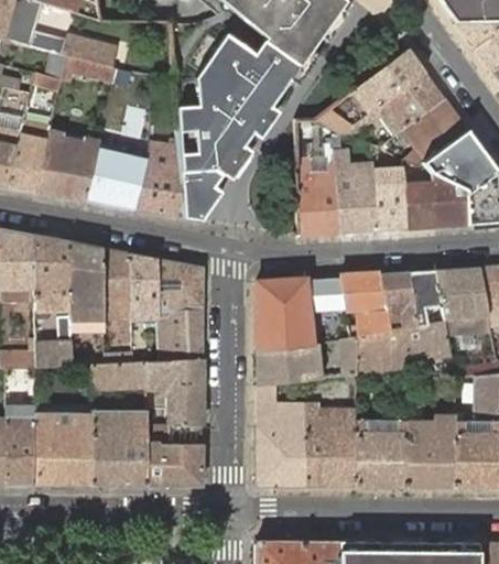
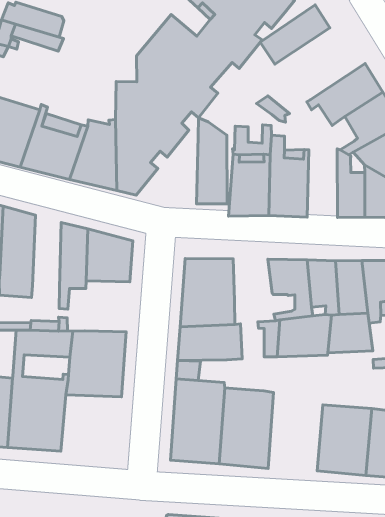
building: [355,48,424,111] -> [260,5,330,64]
building: [372,143,408,230] -> [197,118,227,204]
building: [102,248,133,341] -> none
building: [305,275,347,319] -> none
building: [159,308,203,361] -> none
building: [356,419,406,487] -> none
building: [145,425,203,486] -> none

